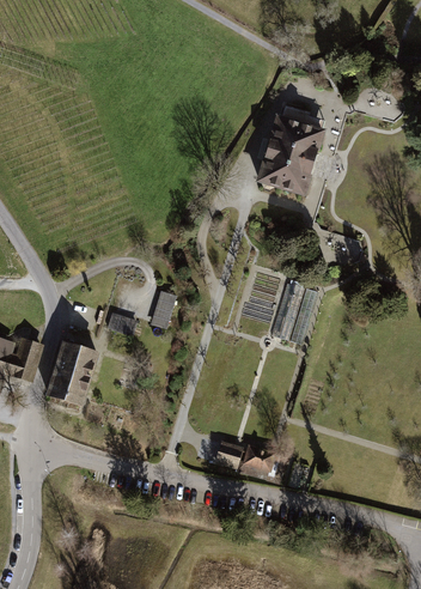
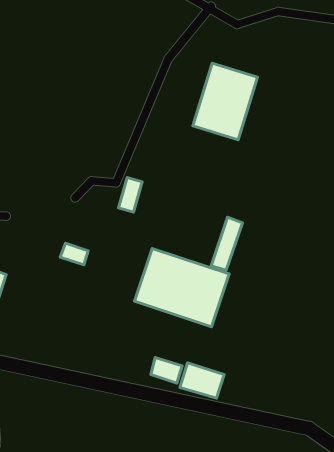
building: [150,291,176,329] -> [118,178,142,212]
building: none -> [135,248,229,327]
building: [45,341,100,407] -> none

